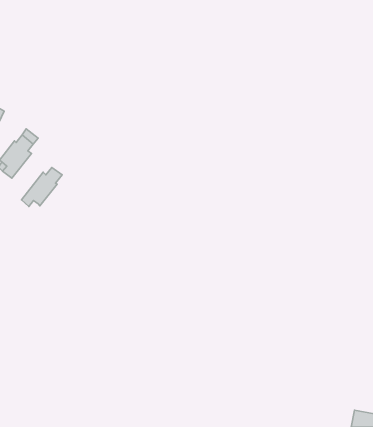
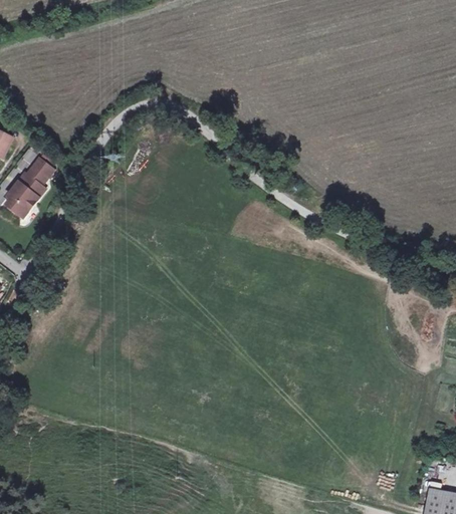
building: [21,167,62,206] -> none

